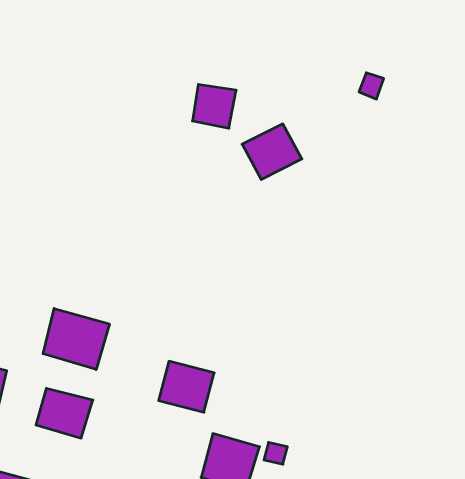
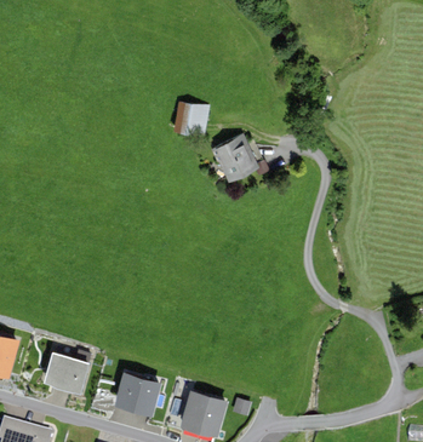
building: [43,308,109,370] -> none
building: [159,361,214,412] -> [114,373,160,415]

